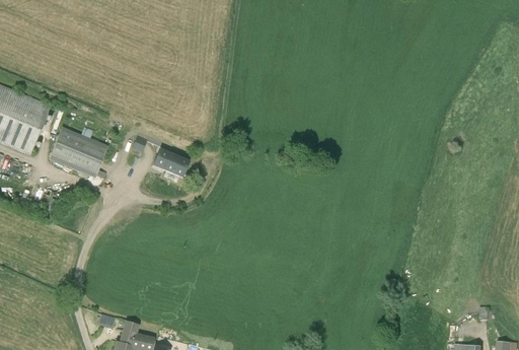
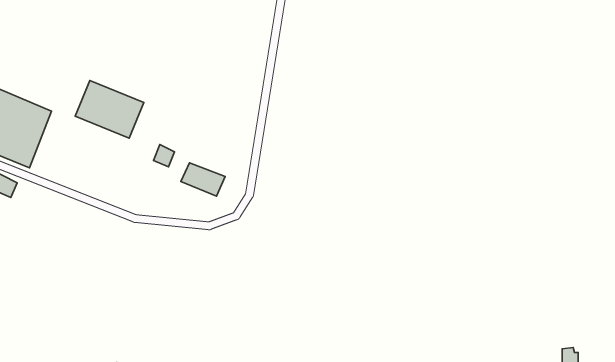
building: [52,130,108,178] -> [75,80,144,138]

